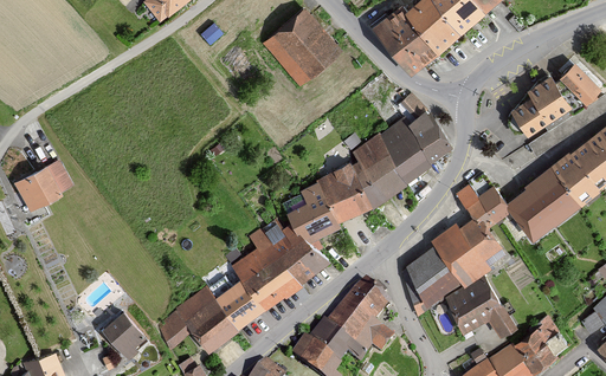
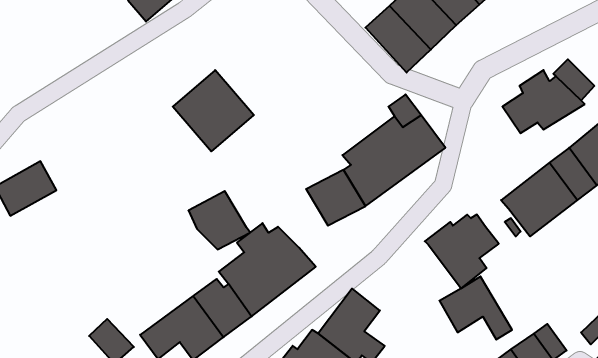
building: [263,8,342,87] -> [173,70,254,151]
building: [458,181,514,223] -> none
building: [281,187,341,244] -> [188,191,250,249]
building: [404,241,468,313] -> none

